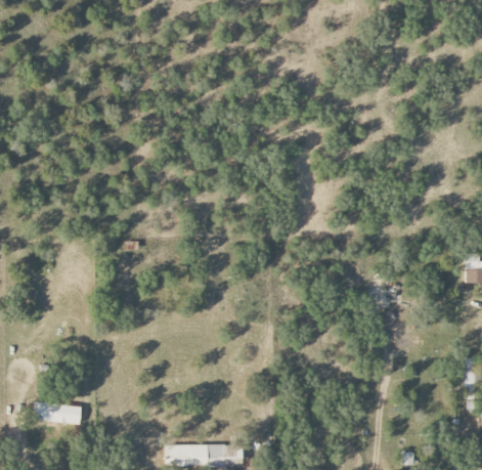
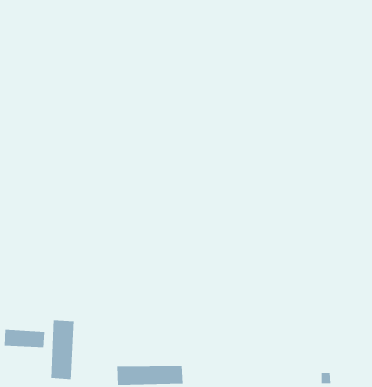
building: none -> [51,319,74,380]

